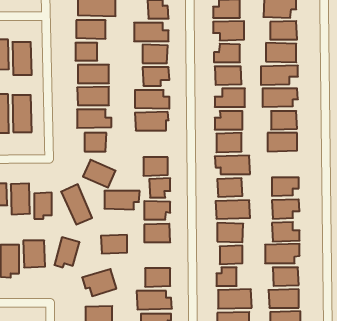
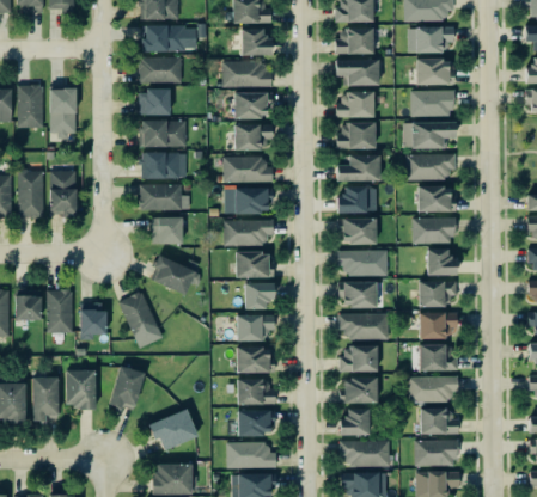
building: none -> [427,249,457,275]
building: [104,191,140,209] -> [224,220,274,246]
building: [101,235,127,253] -> [237,379,274,405]

